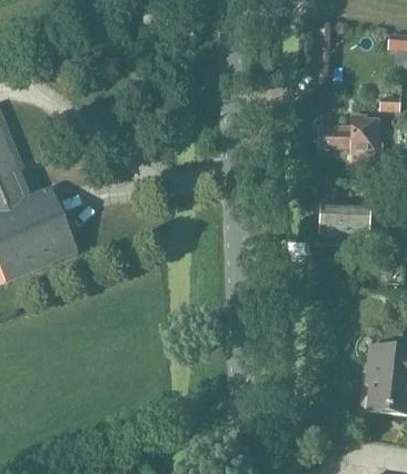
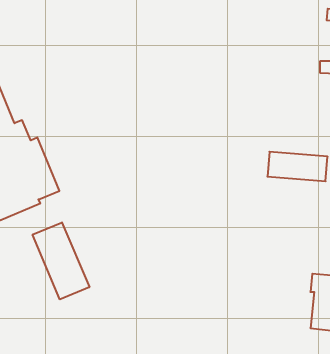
building: [318,113,380,160] -> none
building: none -> [33,222,89,299]

